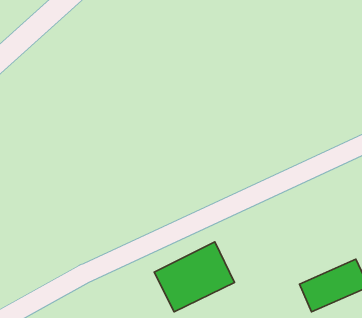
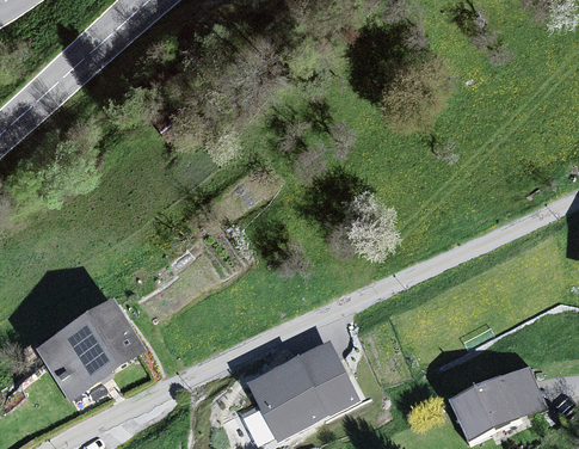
building: none -> [39,305,146,400]

